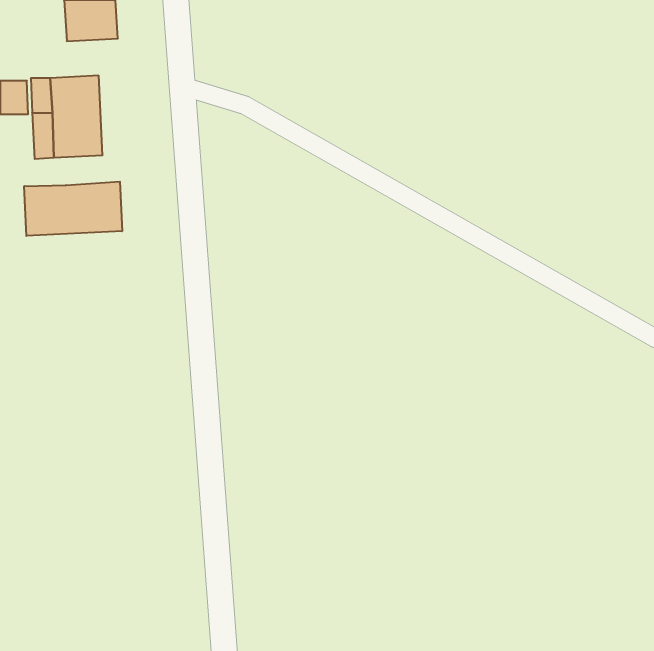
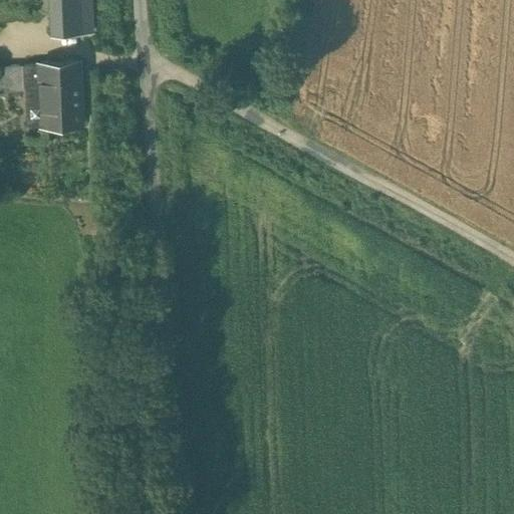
building: [24,182,122,236] -> none

